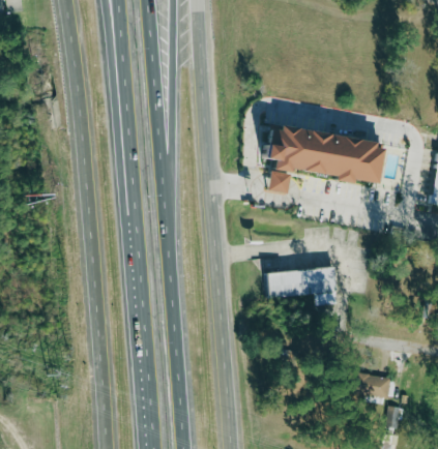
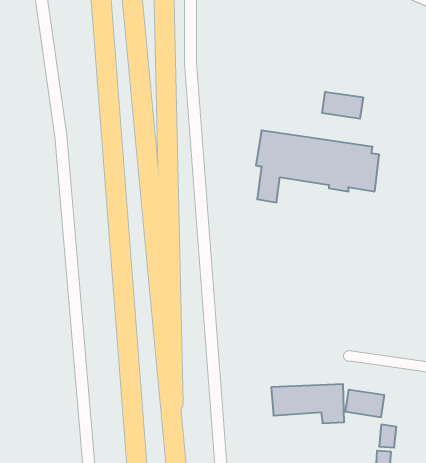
building: none -> [322,92,363,119]
building: [267,267,337,304] -> [271,384,344,423]

